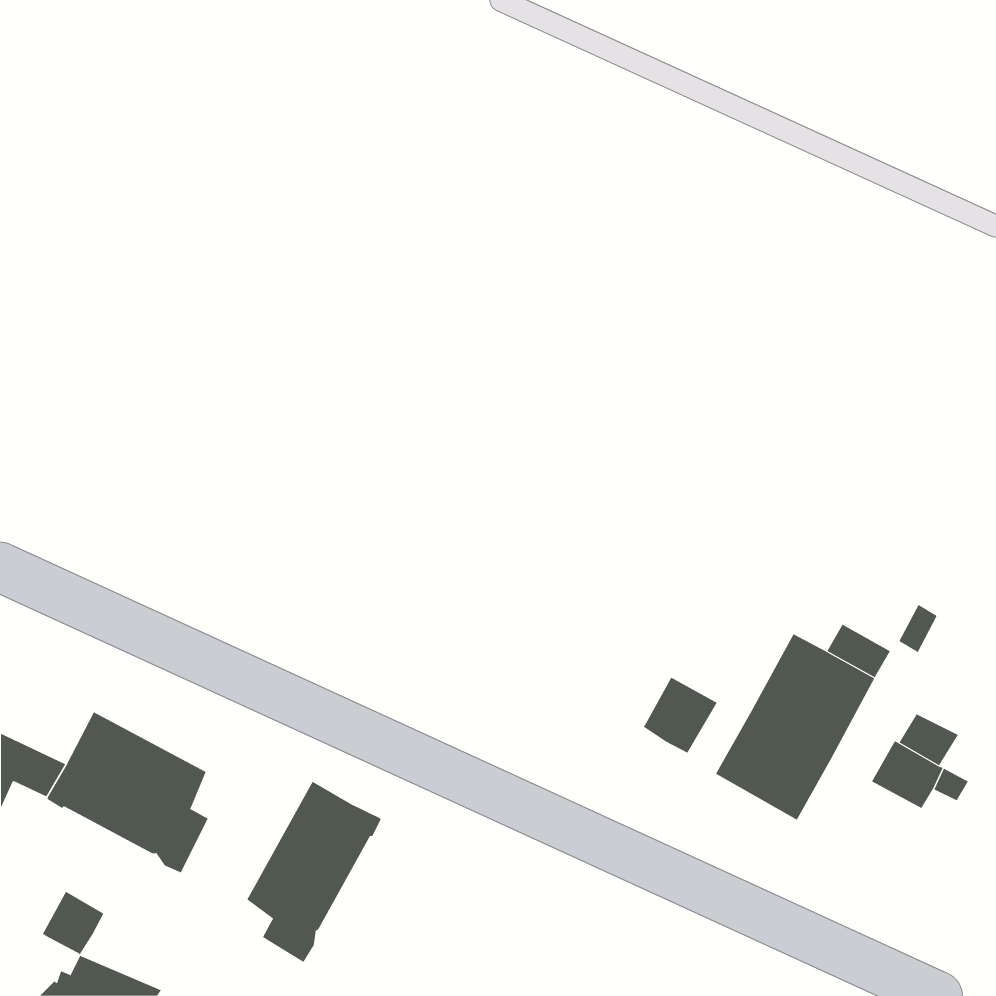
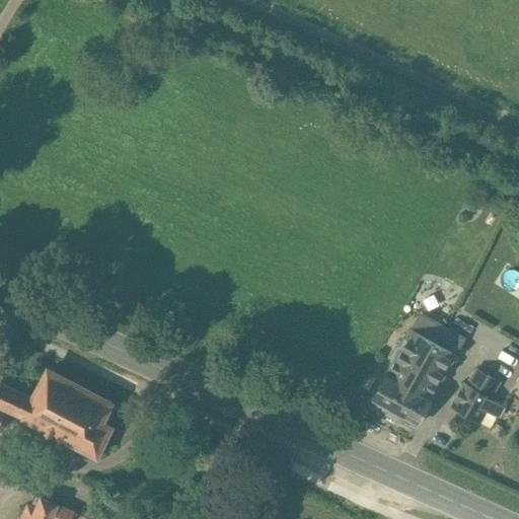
building: [643,677,718,754] -> none
building: [247,781,381,963] -> none
building: [42,891,104,955] -> none

